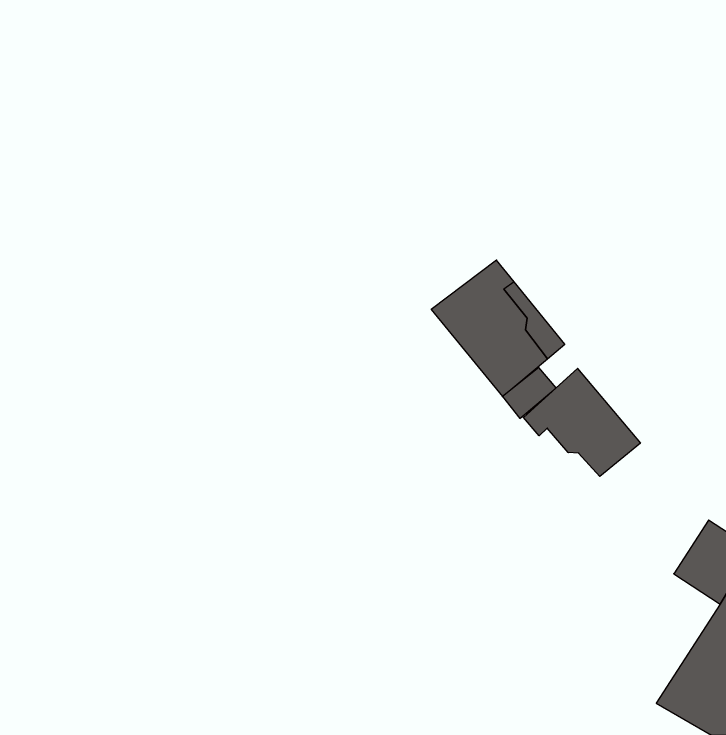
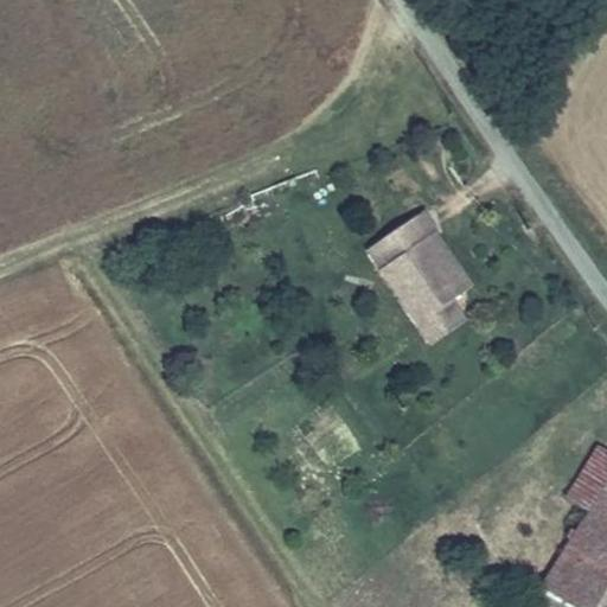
building: [523,368,640,476] -> none

